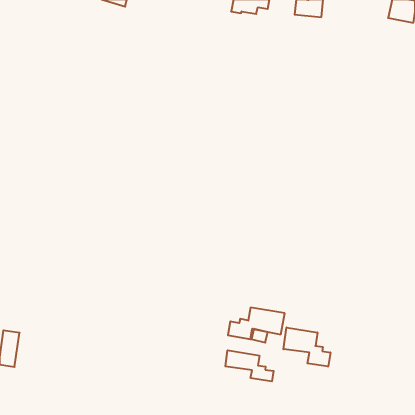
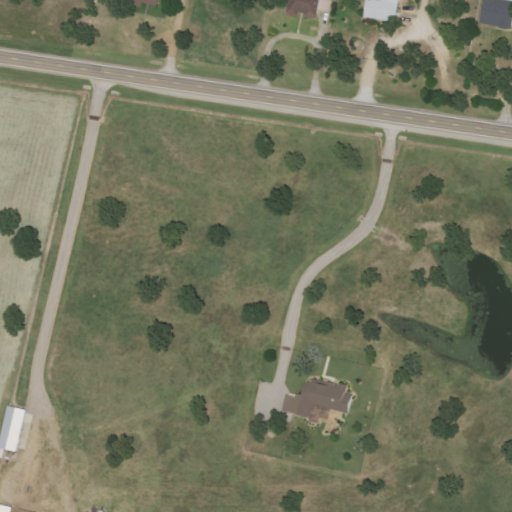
building: [283,327,330,367] -> none
building: [225,350,274,381] -> none

